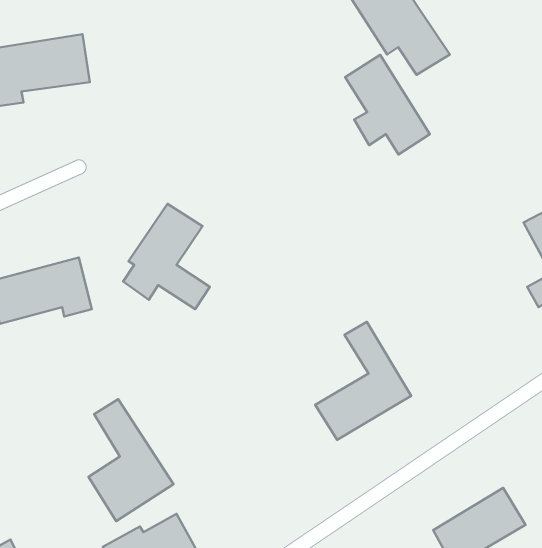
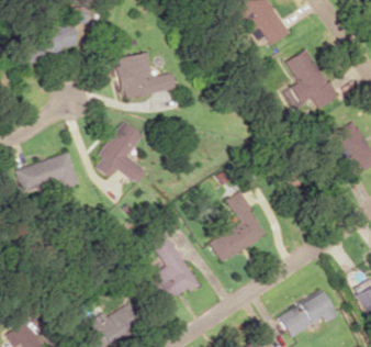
building: [345,55,430,155] -> [285,49,336,109]
building: none -> [116,53,176,99]
building: [88,399,173,521] -> [148,233,199,305]

